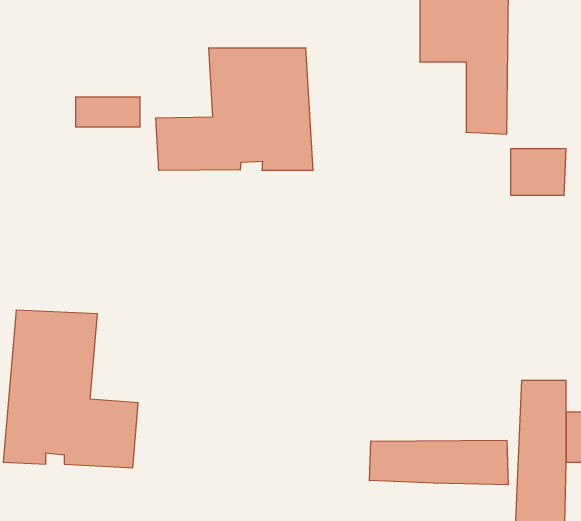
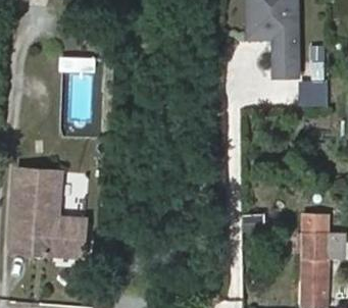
building: [156,48,313,171] -> none
building: [369,440,508,485] -> none

